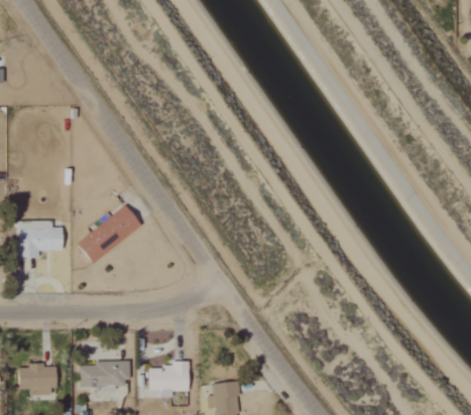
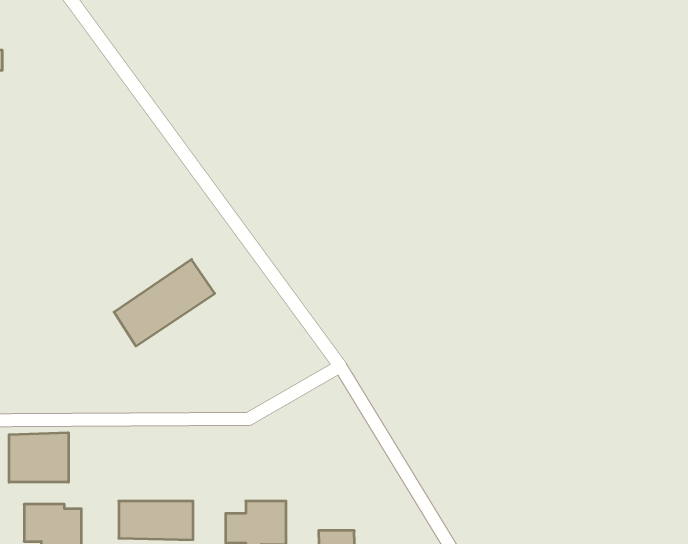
building: [19,220,63,258] -> none
building: none -> [9,433,68,482]

